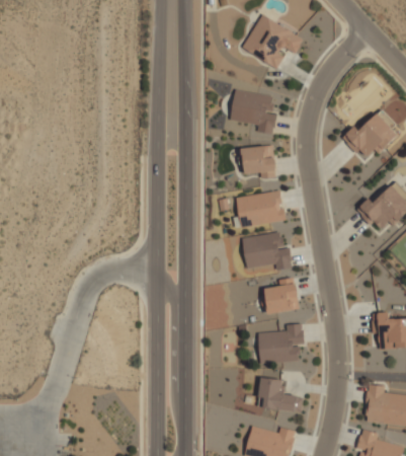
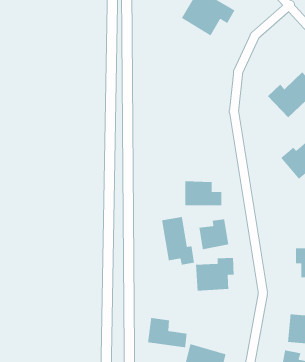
building: [230,89,277,131] -> none
building: [242,146,274,176] -> none
building: [236,191,285,226] -> none
building: none -> [161,216,195,266]
building: [257,377,304,412] -> [147,317,188,348]

